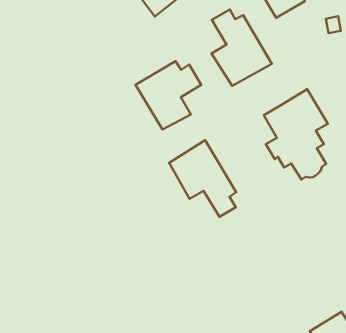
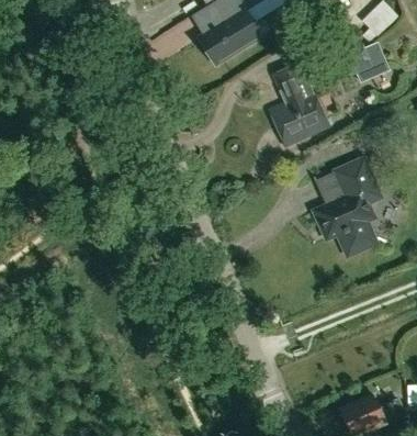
building: [135,61,201,130] -> none
building: [169,140,236,217] -> none

